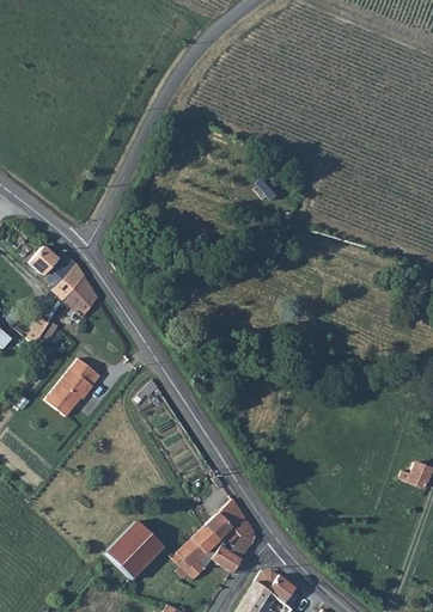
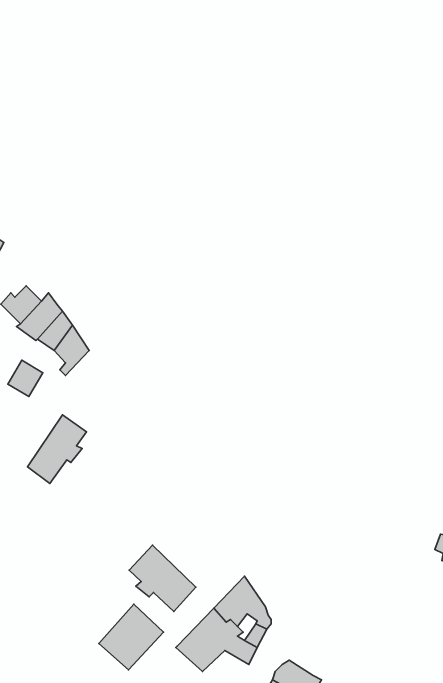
building: none -> [129,545,196,612]

